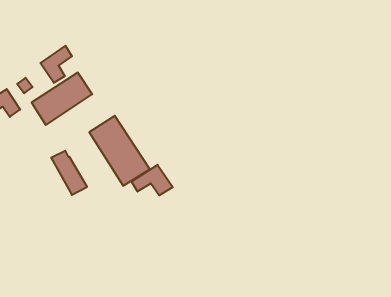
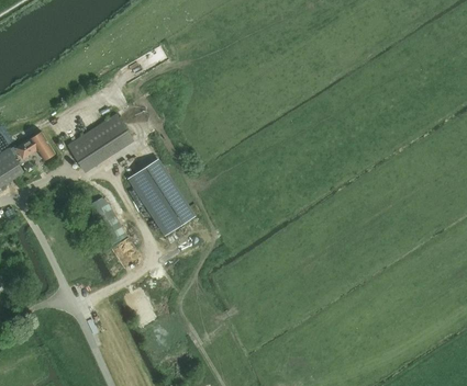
building: [40,46,72,83] -> none
building: [132,165,173,195] -> none

